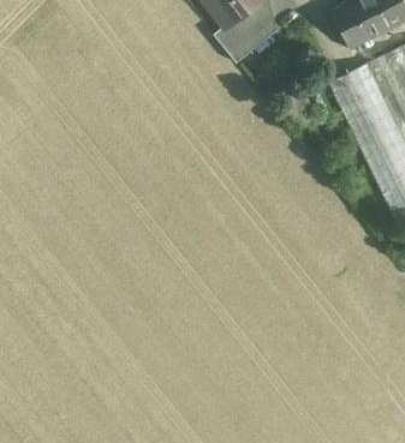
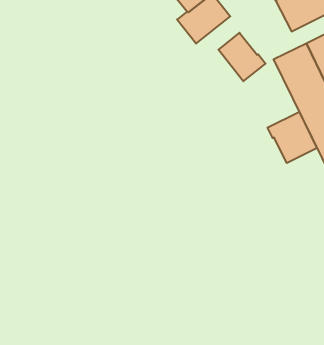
building: none -> [218,33,266,81]
building: none -> [268,112,317,163]

